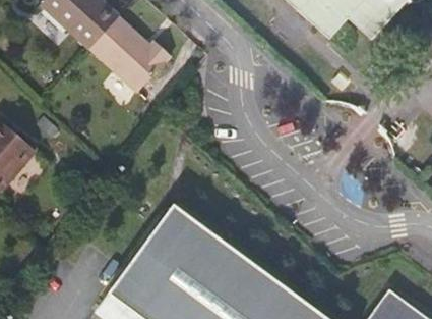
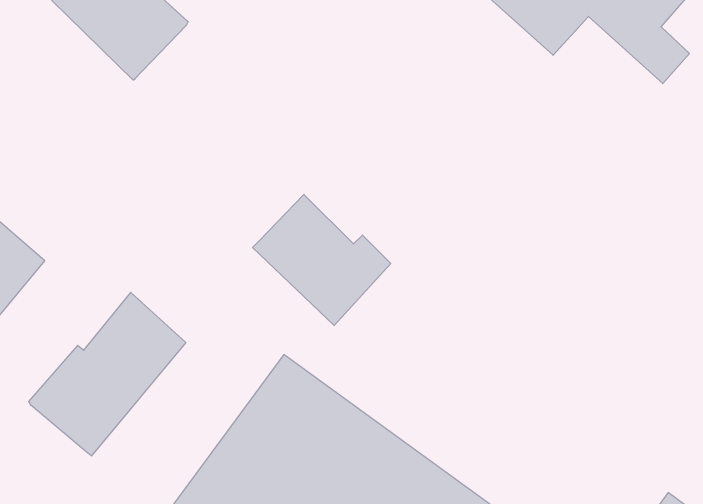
building: [87,16,167,92] -> [253,194,391,325]
building: none -> [29,292,186,456]

